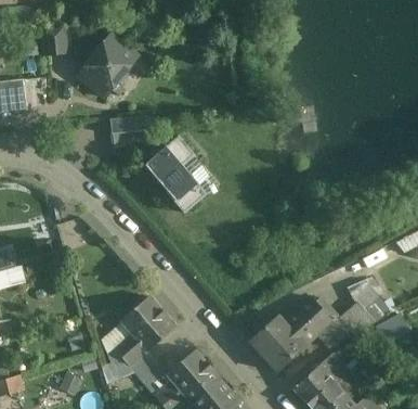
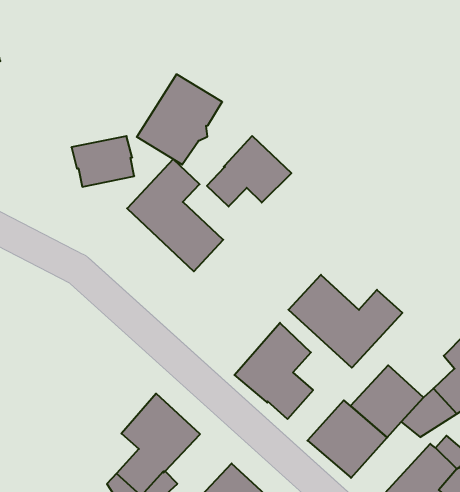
building: [77,35,139,98] -> [137,74,222,165]
building: none -> [207,136,291,207]
building: none -> [288,275,402,368]
building: none -> [234,323,313,419]

